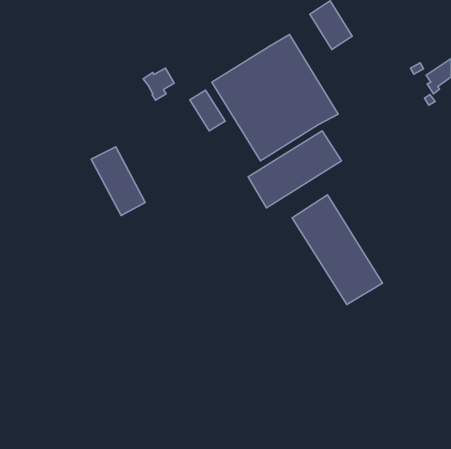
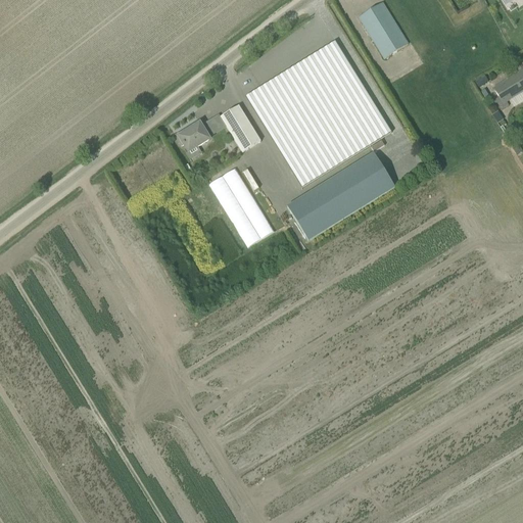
building: [143,68,174,100] -> [175,122,210,158]
building: [91,147,145,216] -> [210,168,273,247]
building: [292,195,382,305] -> none

